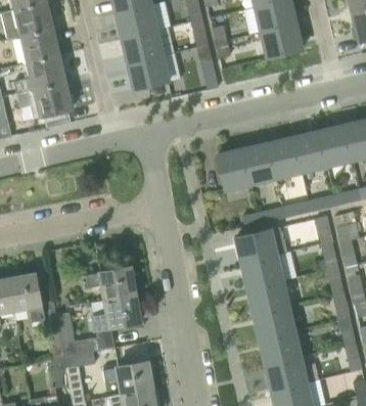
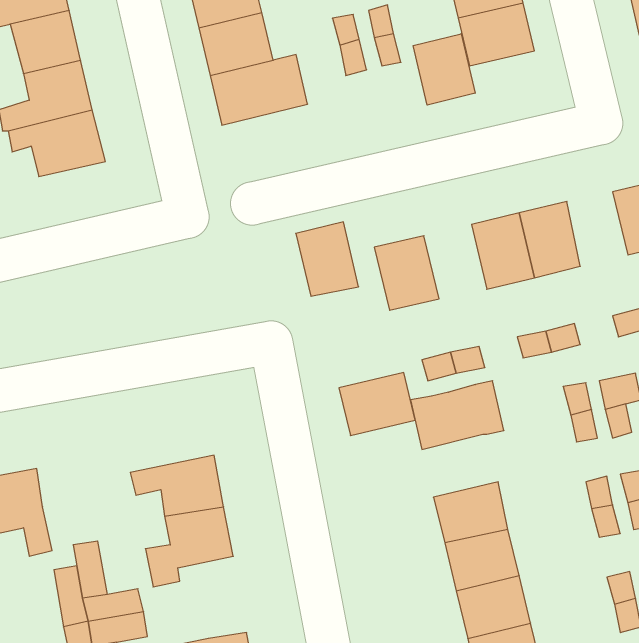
building: none -> [413,34,475,105]
building: [319,126,352,166] -> none
building: [242,143,276,183] -> [296,222,359,296]
building: [241,256,282,289] -> [339,373,415,436]

